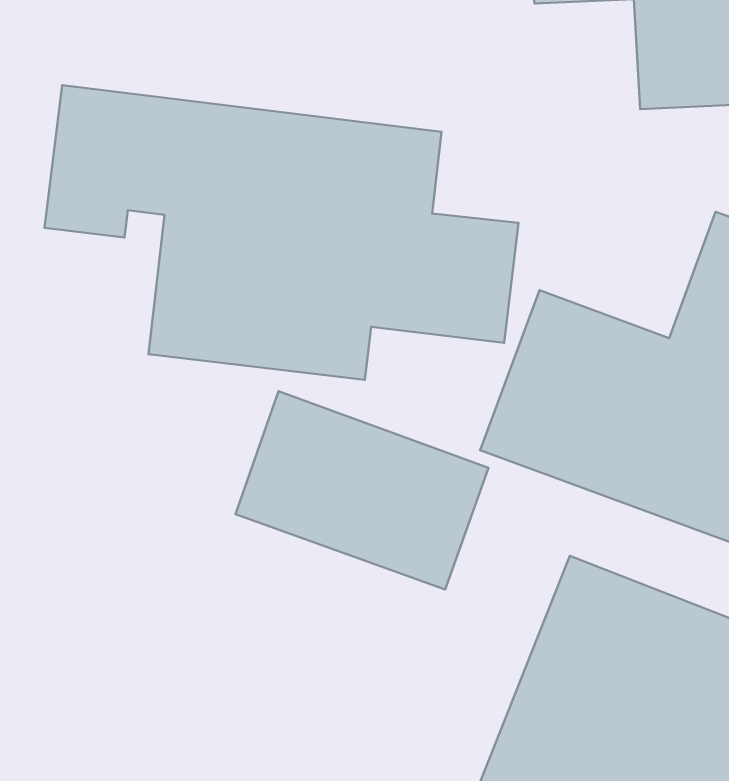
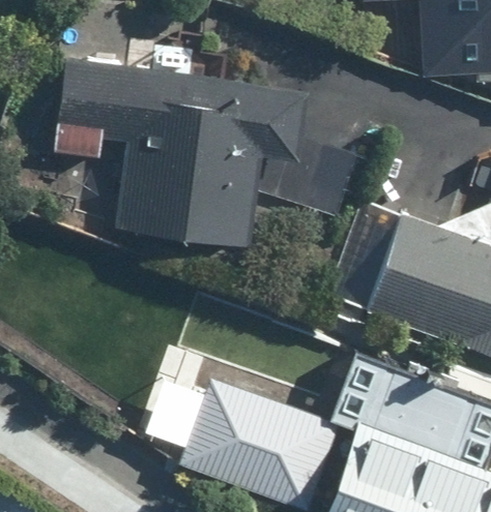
building: [235,391,488,590] -> [180,369,344,498]

